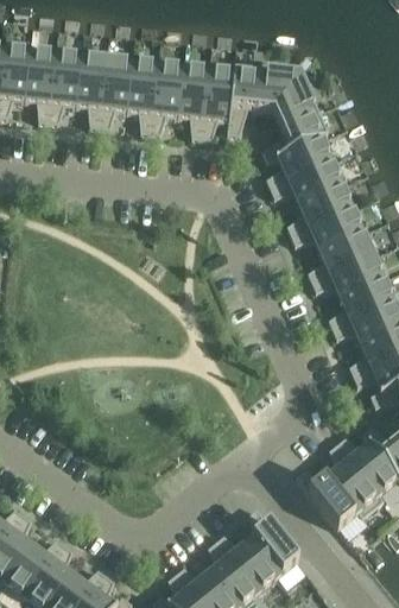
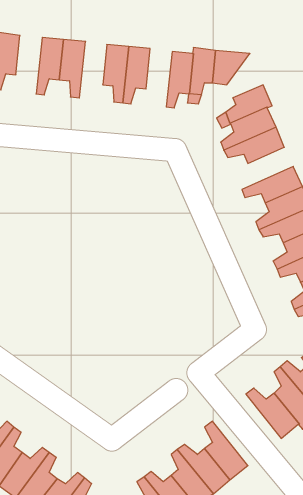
building: [25,52,56,121] -> none
building: [100,59,132,127] -> none
building: [178,68,209,137] -> none
building: [273,74,316,126] -> none
building: [286,184,352,234] -> none

